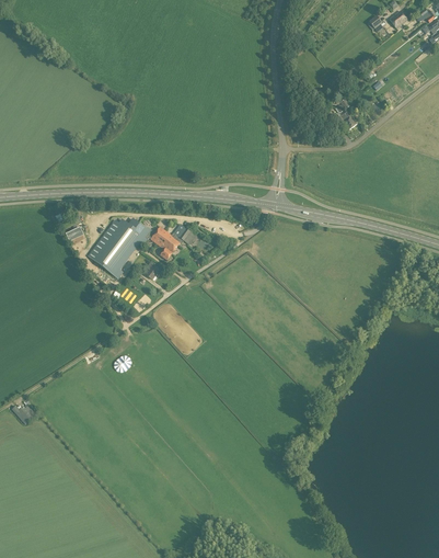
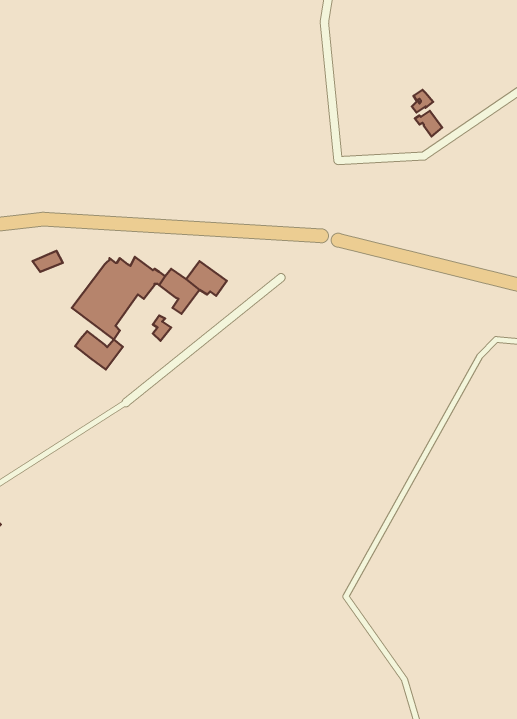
building: none -> [75,331,123,370]

